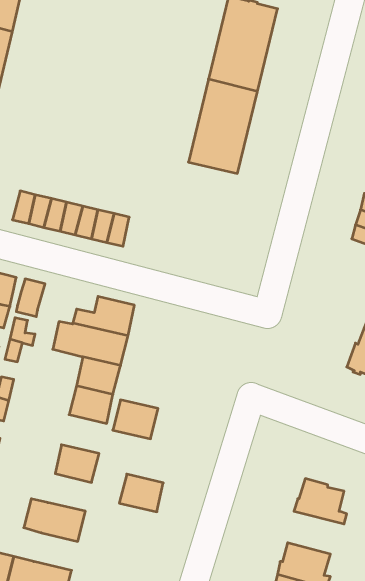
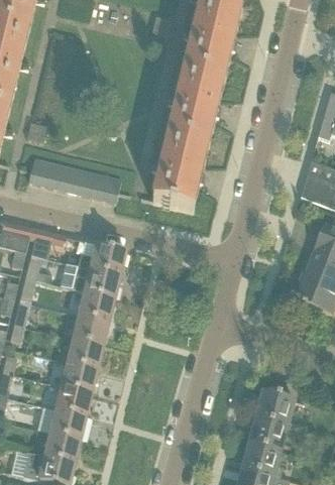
building: none -> [151,133,208,210]
building: [113,400,158,439] -> [67,336,103,367]
building: [119,474,163,512] -> [55,383,91,413]
building: none -> [248,413,294,448]
building: none -> [44,431,80,461]

